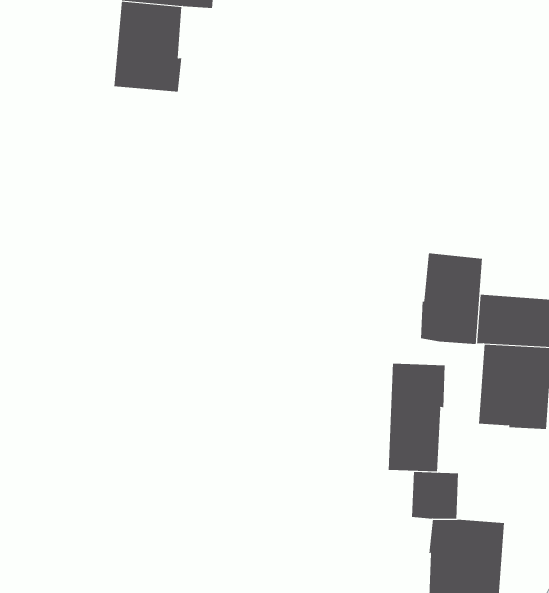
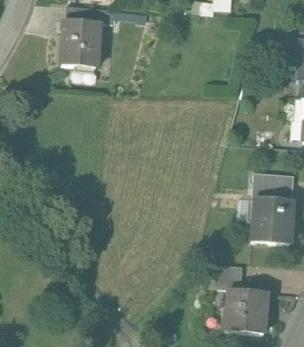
building: [420,253,483,345] -> none
building: [388,363,445,472] -> none

